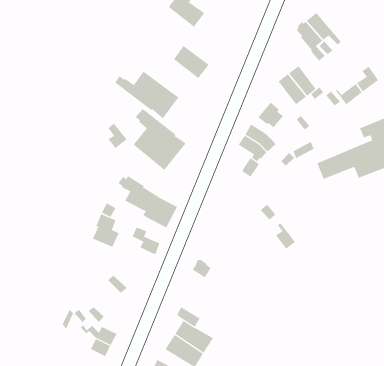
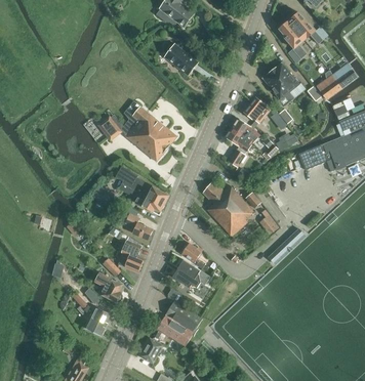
building: [115,71,179,119] -> none
building: none -> [202,180,253,236]
building: [92,214,119,247] -> [118,240,144,271]
building: none -> [173,259,210,288]
building: none -> [95,272,121,301]

